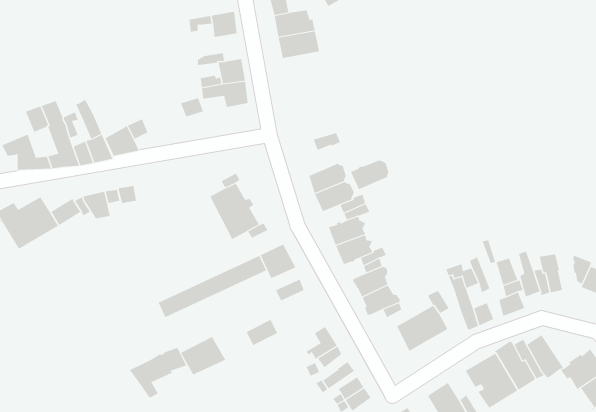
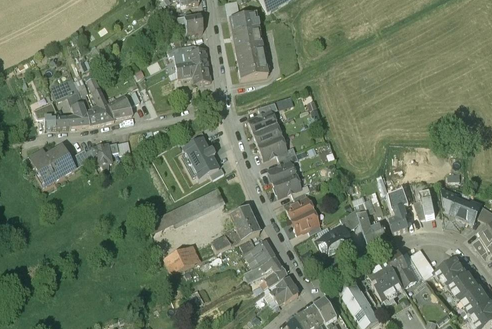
building: none -> [235,43,268,78]
building: [350,159,389,190] -> [248,110,276,132]
building: [260,244,296,279] -> [234,214,260,239]
building: [129,347,187,399] -> none

